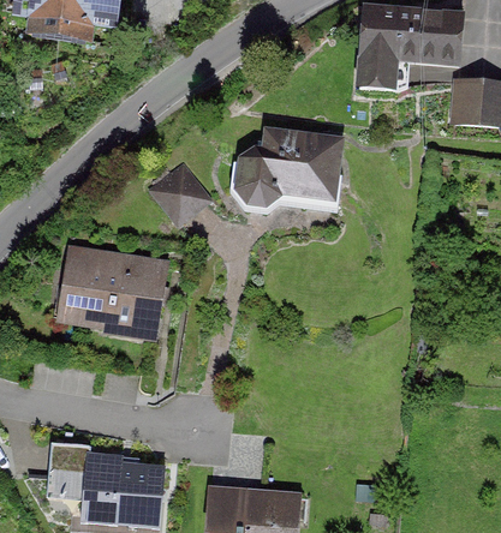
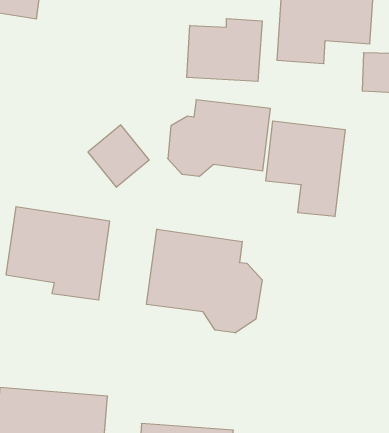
building: none -> [187,19,262,81]
building: none -> [266,121,345,217]
building: none -> [146,229,262,333]

